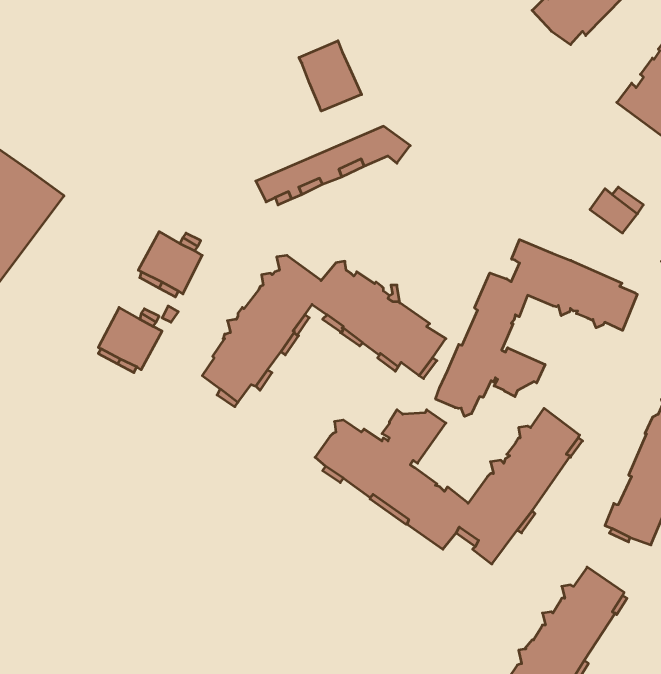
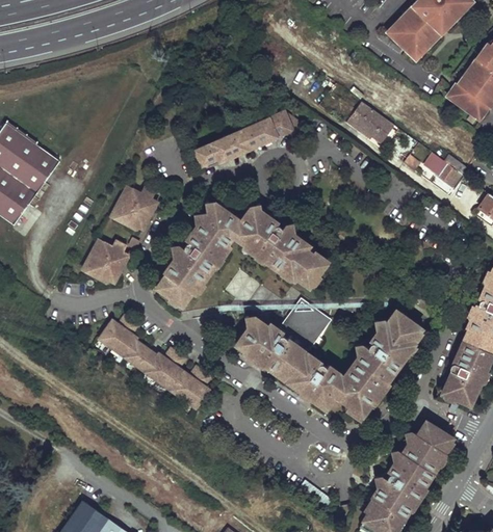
building: [299,41,362,111] -> none
building: none -> [349,102,393,141]
building: [436,240,637,416] -> none
building: none -> [99,316,210,409]

